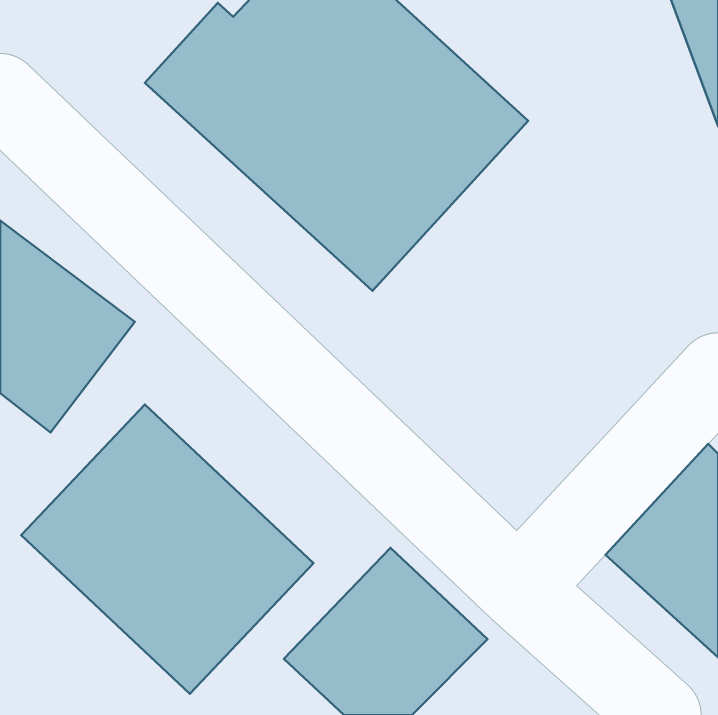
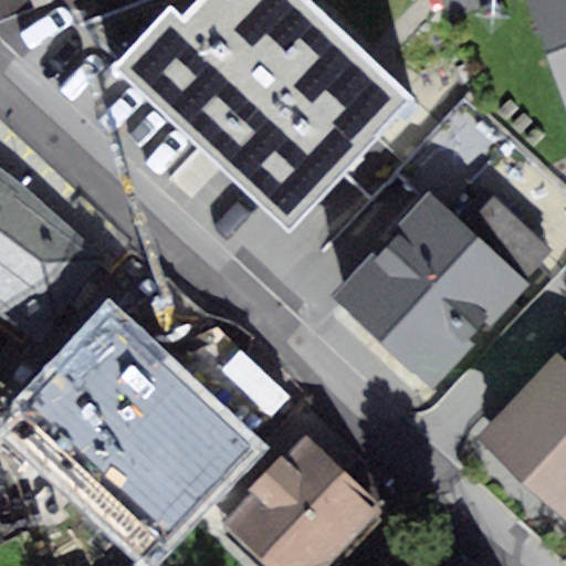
building: none -> [331,187,553,386]

